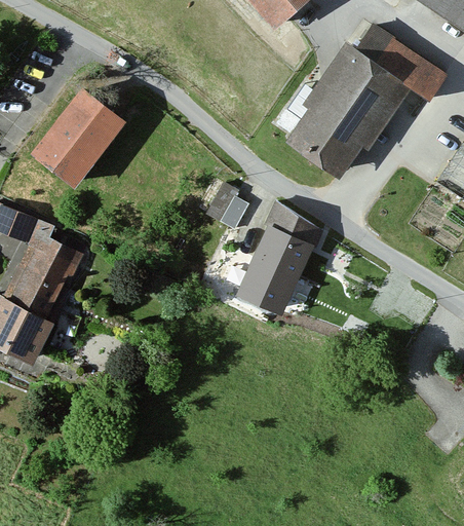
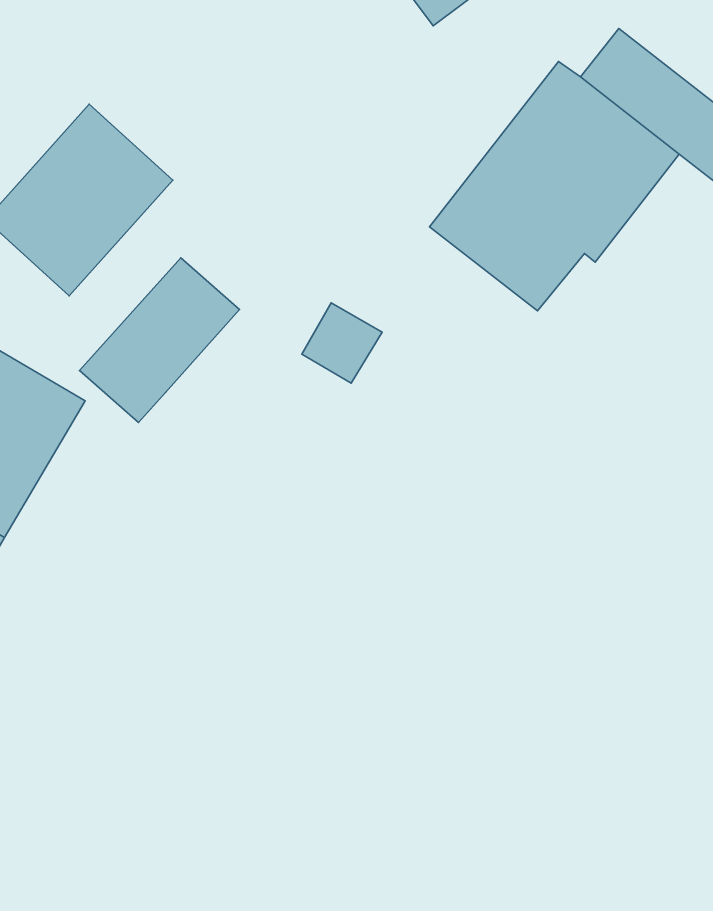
building: none -> [80,258,239,422]
building: [231,204,321,317] -> none

